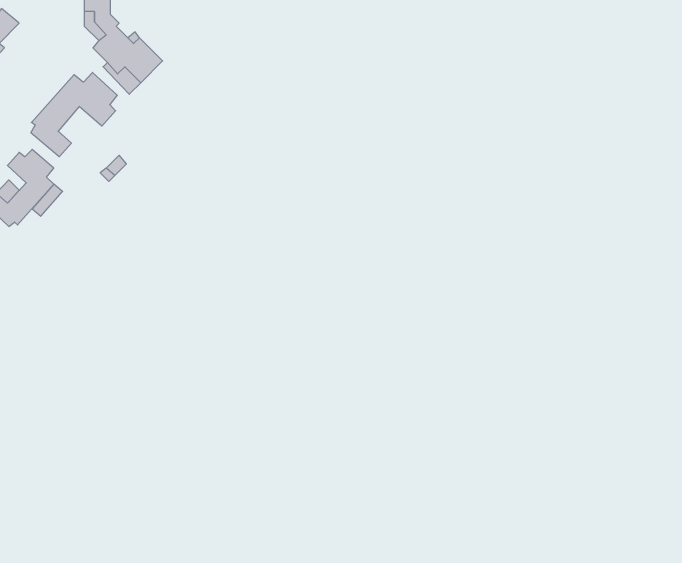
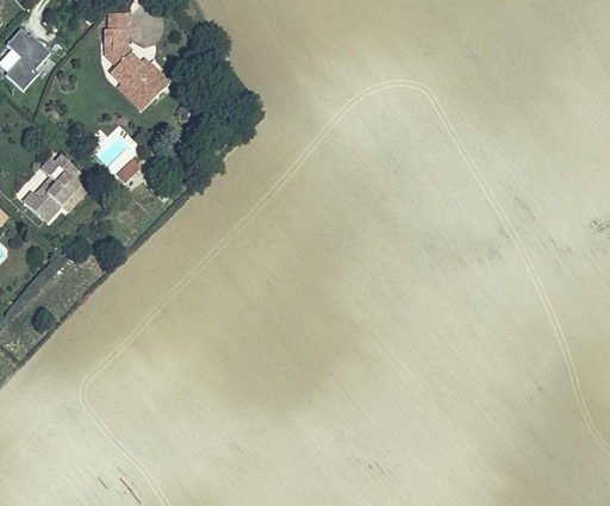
building: [31,72,117,157] -> none

